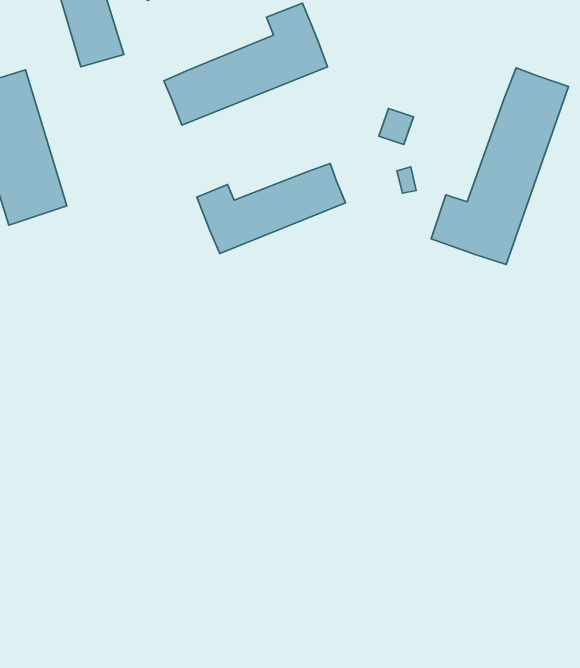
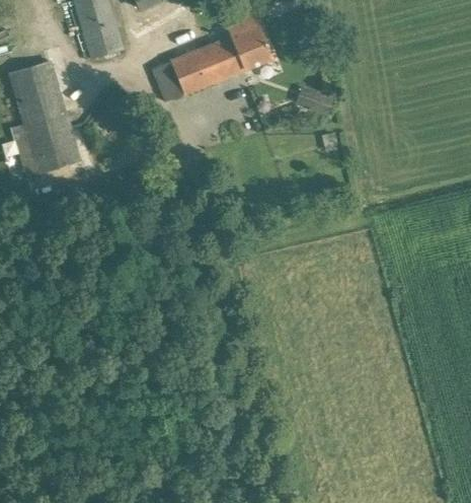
building: [431,68,568,264] -> none
building: [197,164,346,253] -> none

